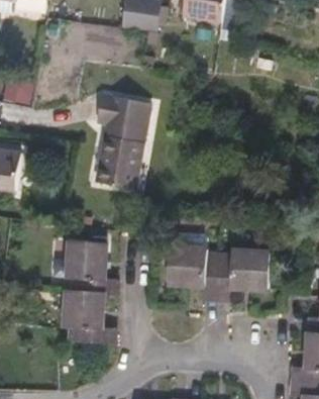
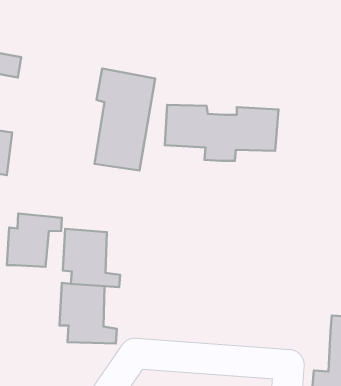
building: none -> [7,214,62,267]
building: [168,247,270,298] -> [165,105,279,161]

